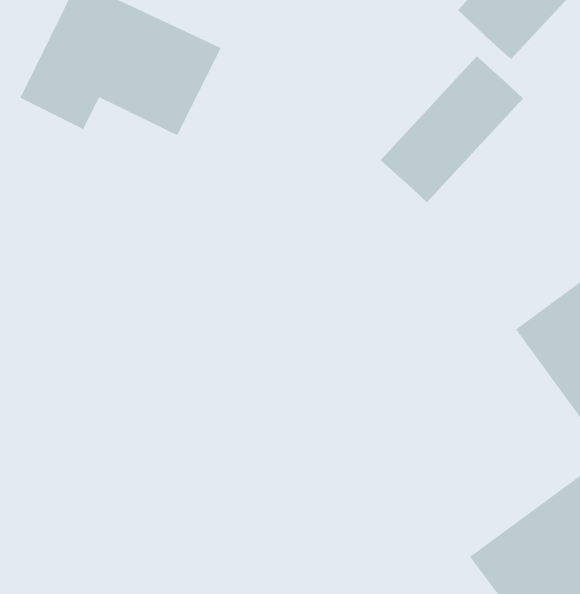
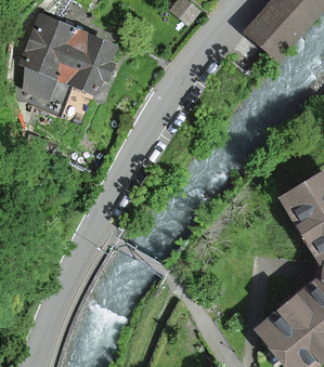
building: [380,55,524,203] -> none

